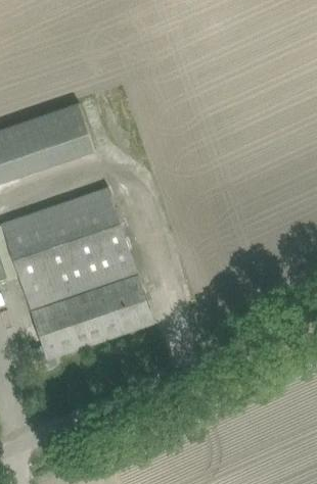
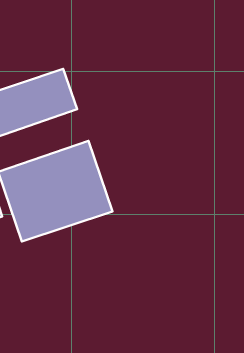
building: [30,276,152,359] -> none

